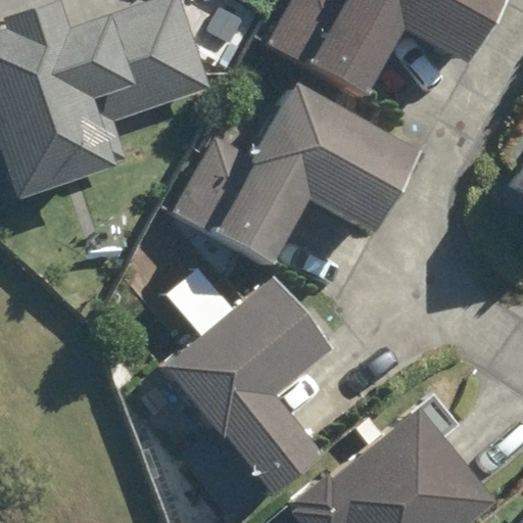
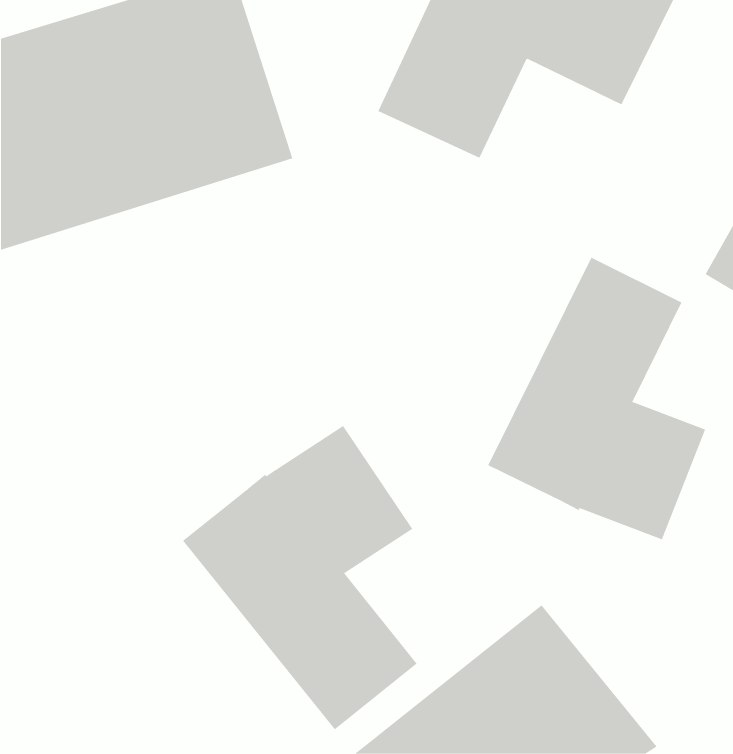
building: [174,103,383,286] -> none
building: none -> [488,257,706,540]

